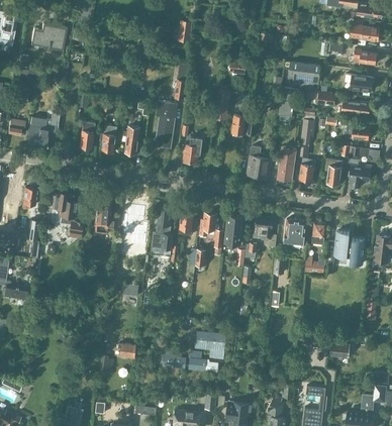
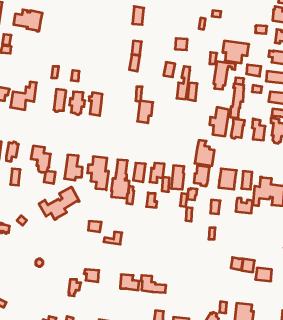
building: [155,102,178,149] -> none
building: [248,146,272,178] -> [195,140,214,166]
building: none -> [39,187,79,220]
building: [196,332,226,351] -> none

